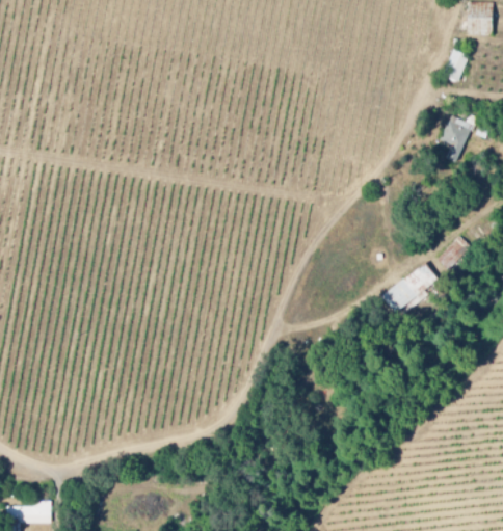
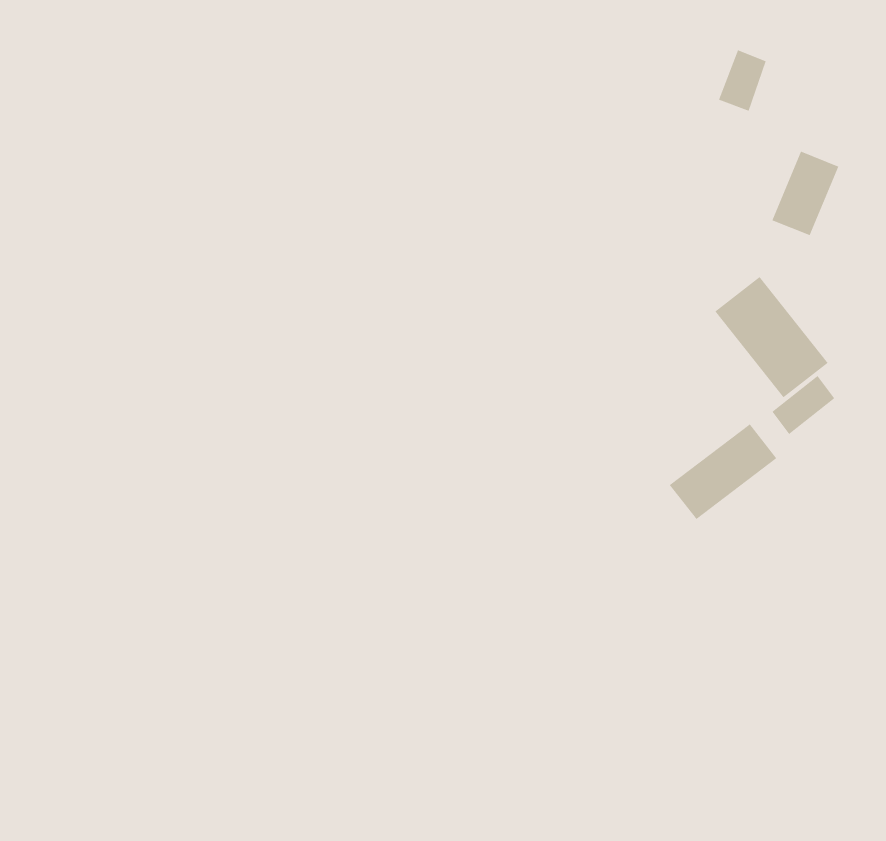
building: [443,49,469,82] -> [718,50,767,111]
building: none -> [715,276,829,398]

